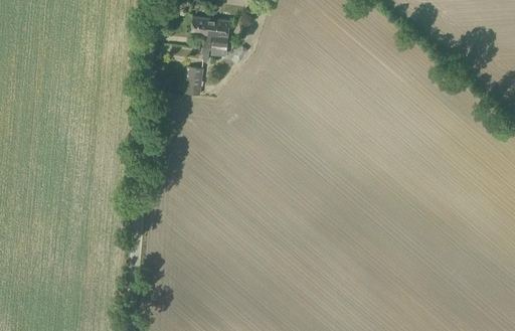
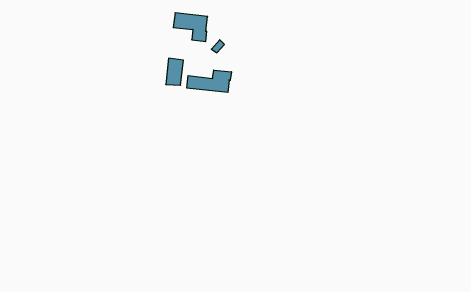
building: none -> [187,70,231,92]

